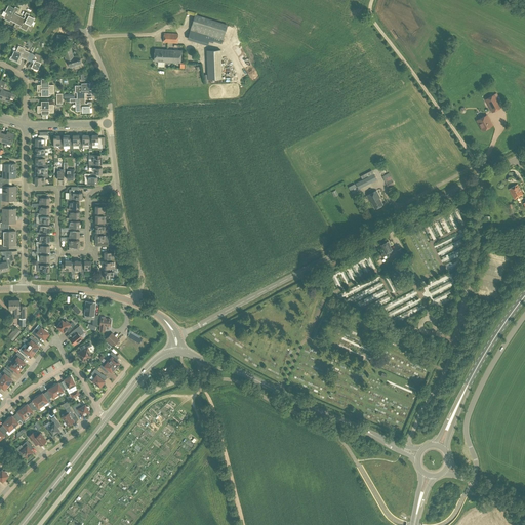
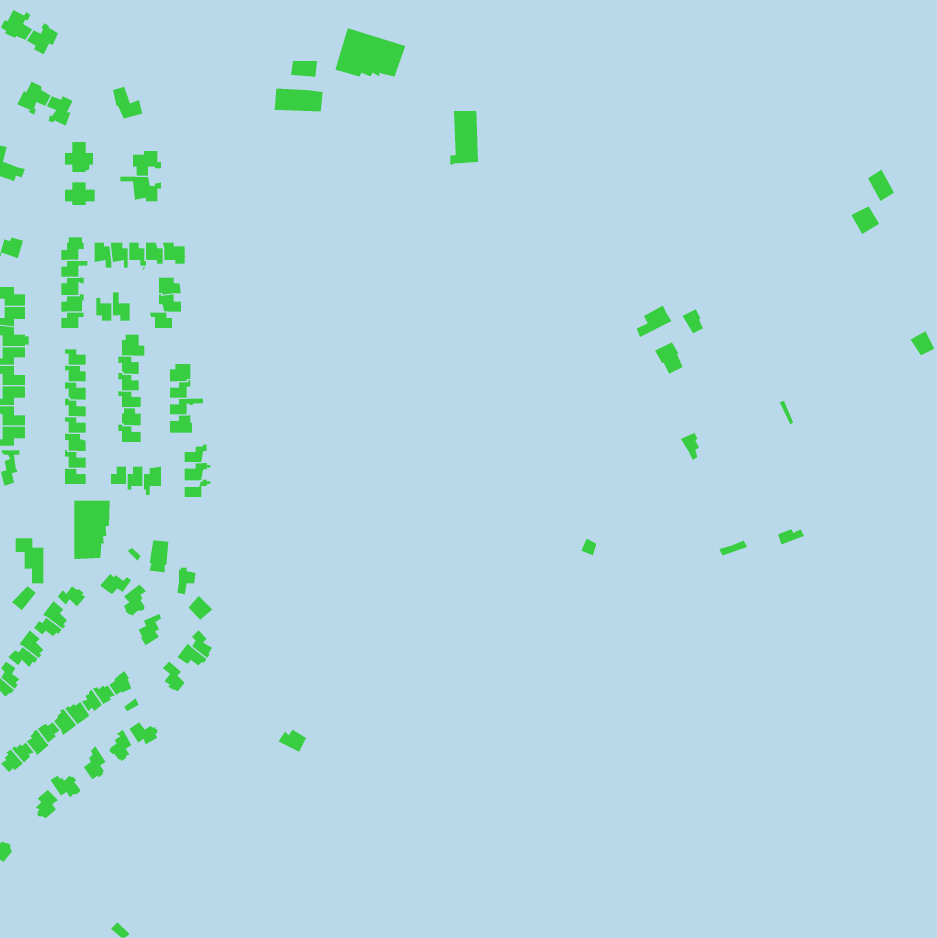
building: [204,50,220,81] -> [449,111,479,166]
building: none -> [74,500,110,560]

